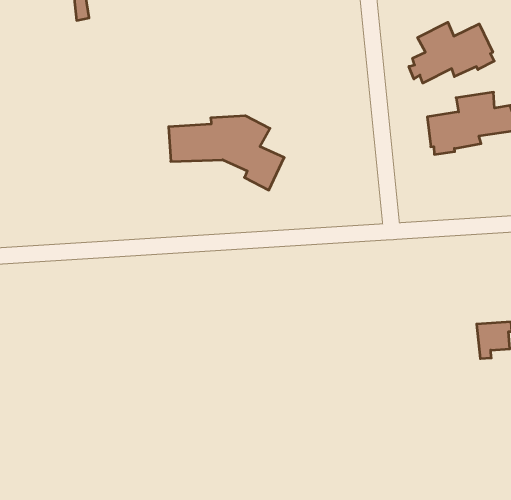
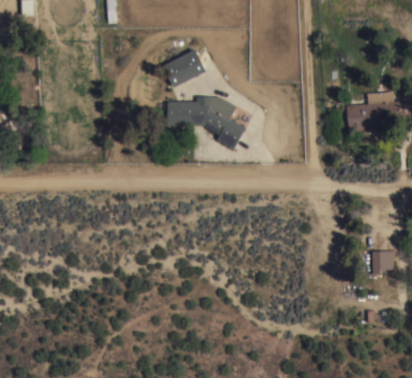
building: [409,22,494,83] -> none
building: none -> [163,48,207,86]

